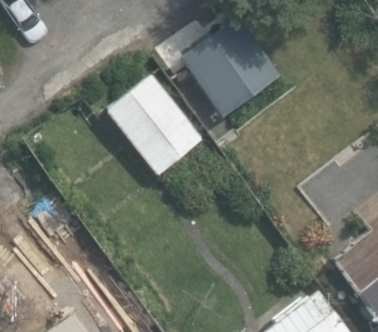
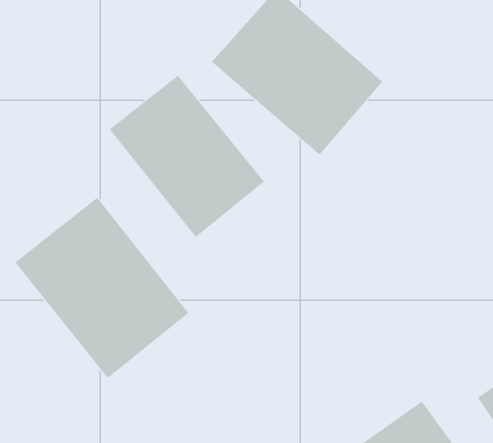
building: none -> [15,197,189,379]

